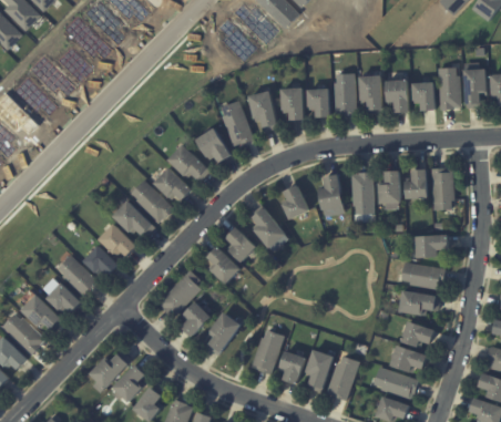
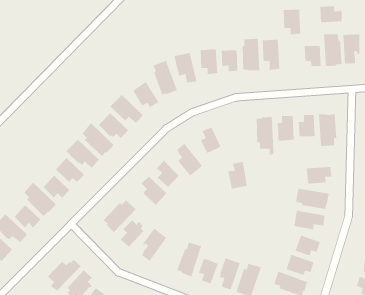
building: none -> [319,5,343,23]
building: [385,78,408,112] -> [283,9,301,36]
building: [317,173,342,208] -> [228,161,248,189]

